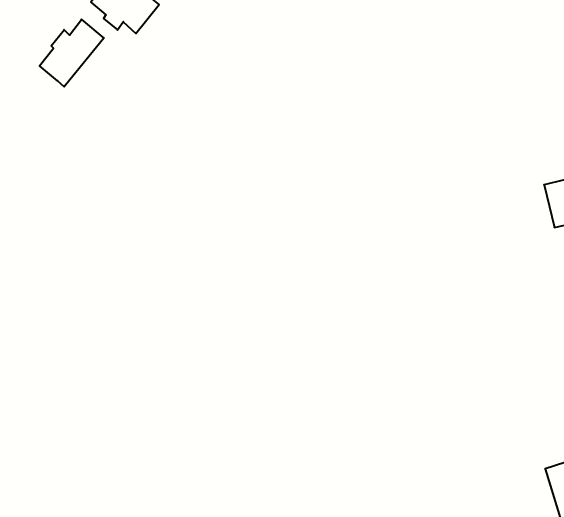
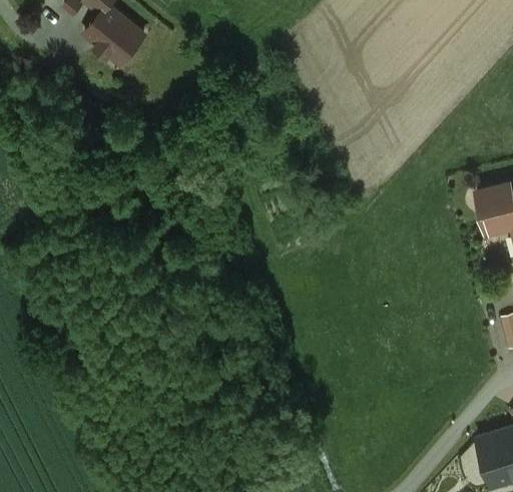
building: [40,19,104,87] -> none

